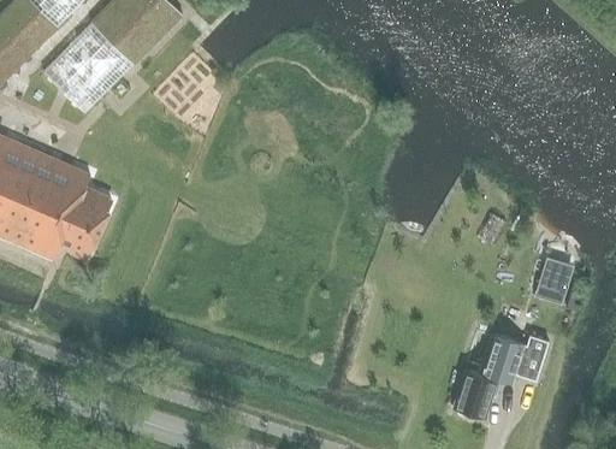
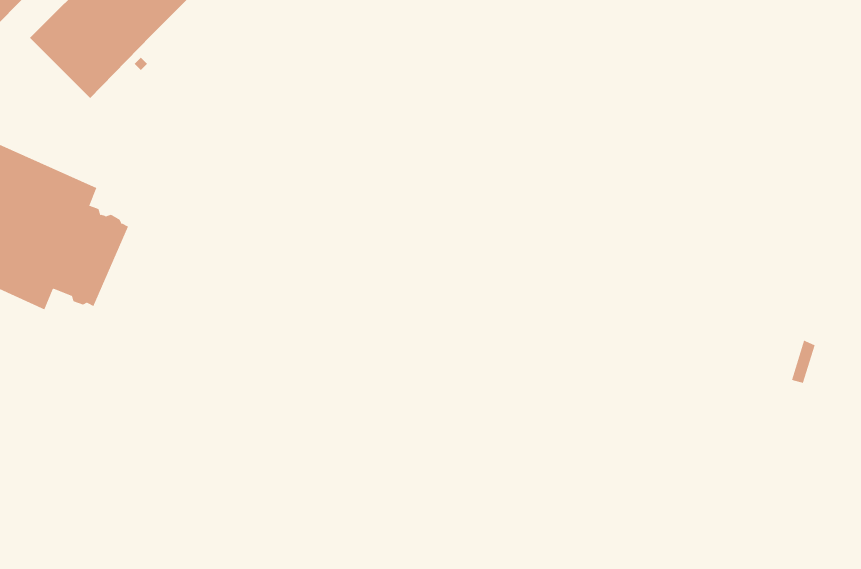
building: [534,270,570,305] -> none
building: [452,333,547,418] -> none

